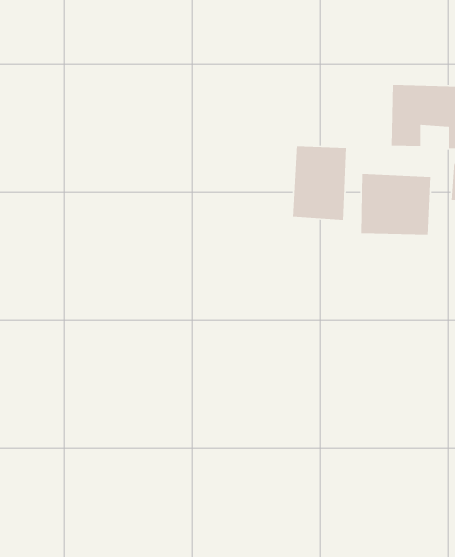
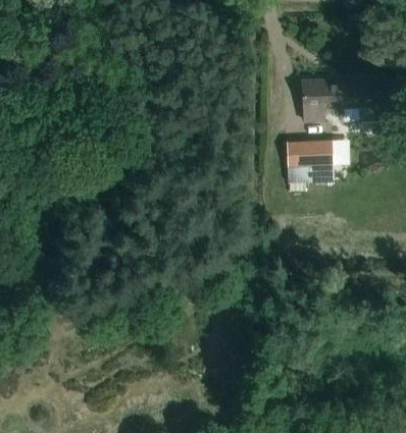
building: [292,145,347,221] -> none

